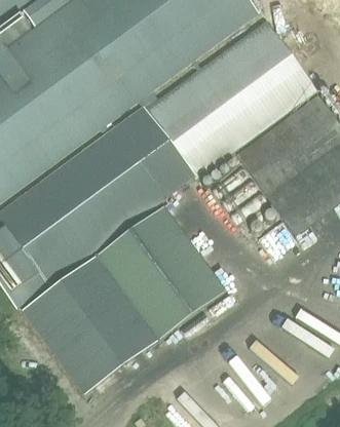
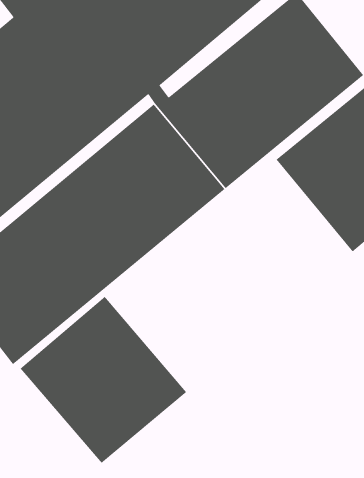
building: [95,206,224,339] -> none

